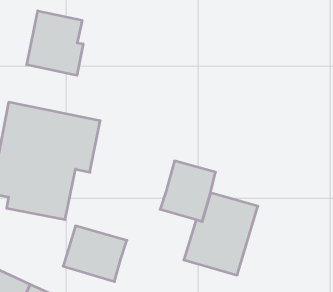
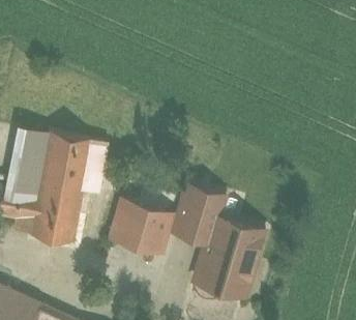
building: [27,11,83,75] -> none
building: [63,226,127,282] -> [111,200,175,256]

